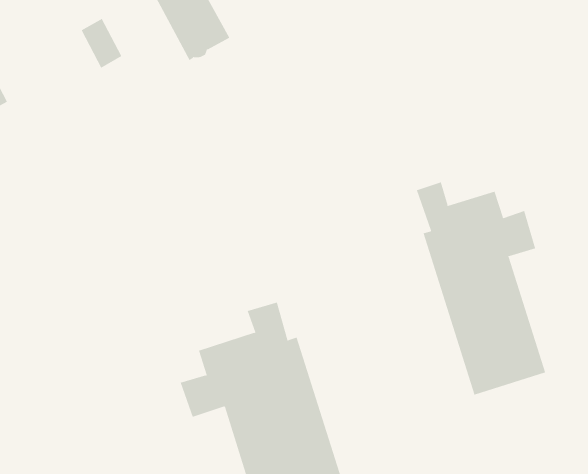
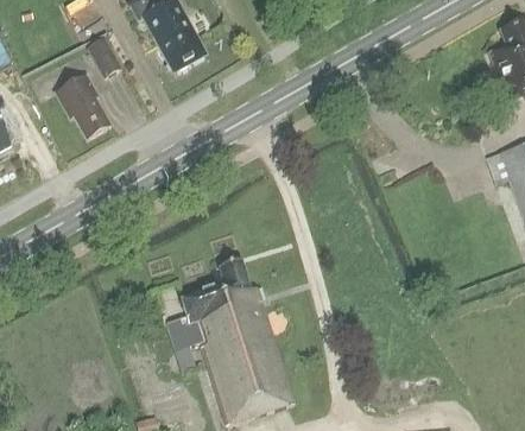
building: none -> [56,75,108,138]
building: [416,182,546,396] -> none

